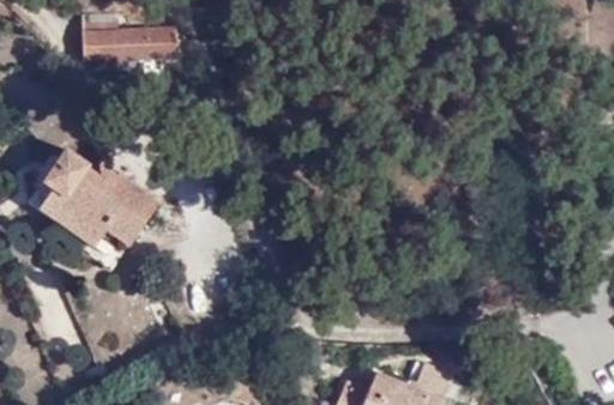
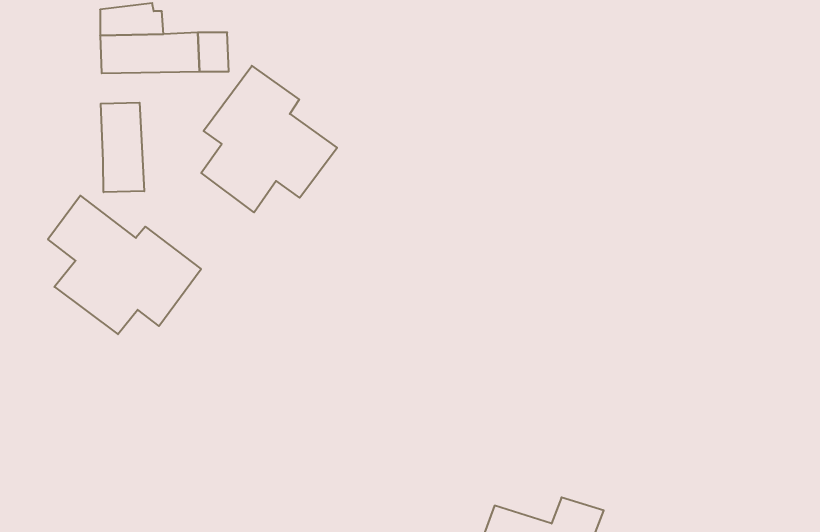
building: none -> [201,66,337,212]
building: none -> [101,103,144,192]

